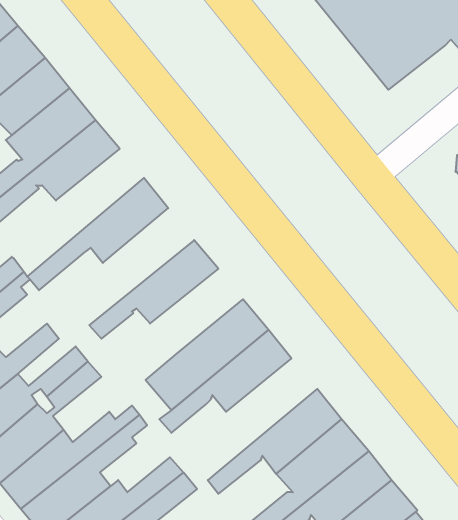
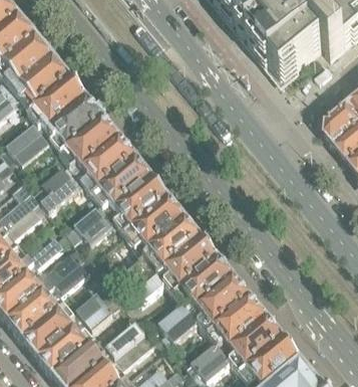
building: none -> [34,115,120,199]
building: none -> [67,154,153,238]
building: none -> [124,194,186,250]
building: none -> [160,253,235,329]

